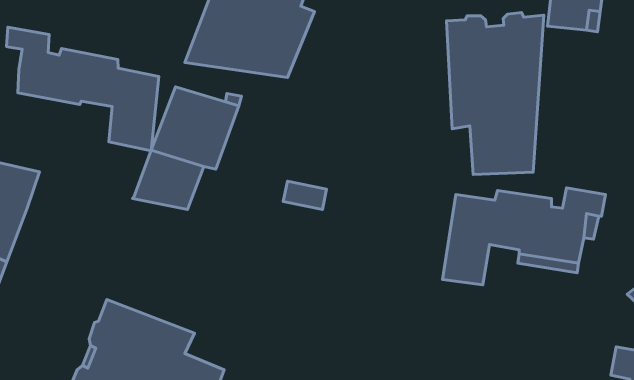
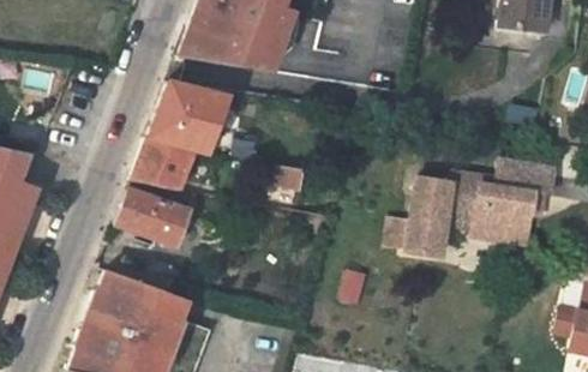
building: [447,13,544,174] -> none
building: [7,27,159,151] -> none
building: none -> [113,179,196,246]

